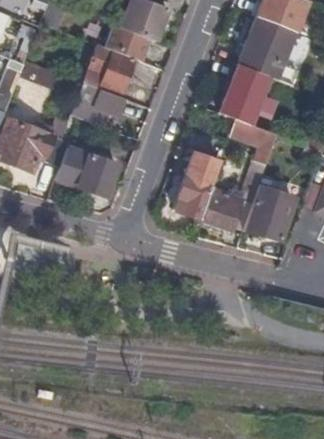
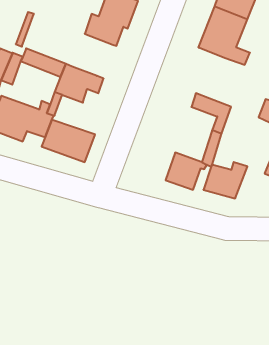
building: [89,44,139,96] -> none
building: [221,63,269,122] -> none
building: [174,152,219,217] -> none

